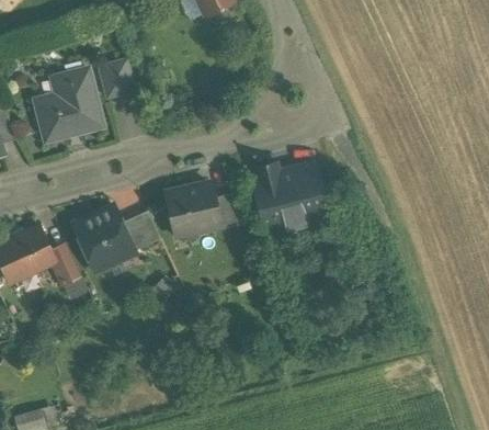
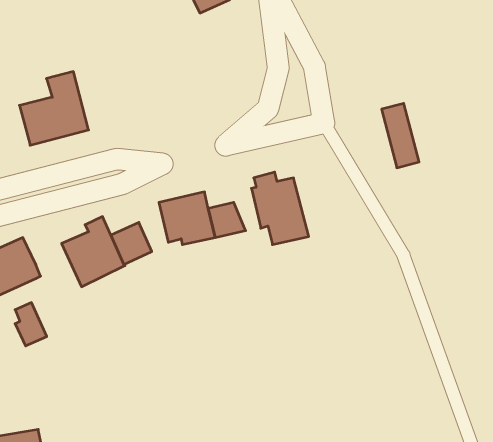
building: [99,59,132,97] -> none
building: [292,163,327,224] -> [382,103,419,168]
building: [50,244,80,284] -> [15,303,47,346]

